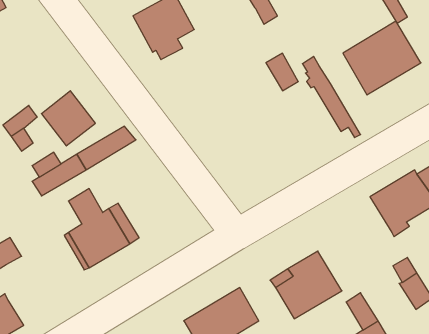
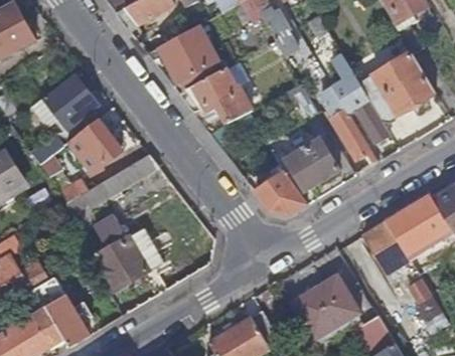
building: none -> [332,60,390,143]
building: none -> [51,67,104,120]
building: none -> [177,68,252,124]
building: none -> [288,140,339,187]
building: none -> [254,173,308,214]
building: none -> [364,222,410,274]
building: none -> [34,277,92,347]

